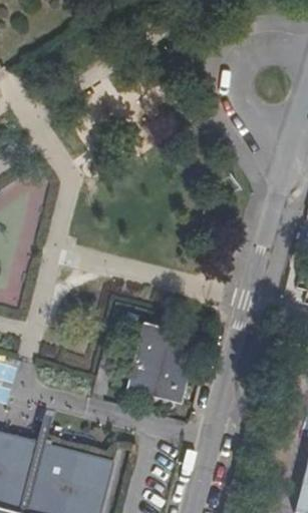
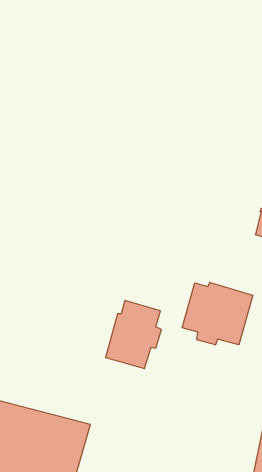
building: none -> [182,282,253,345]

